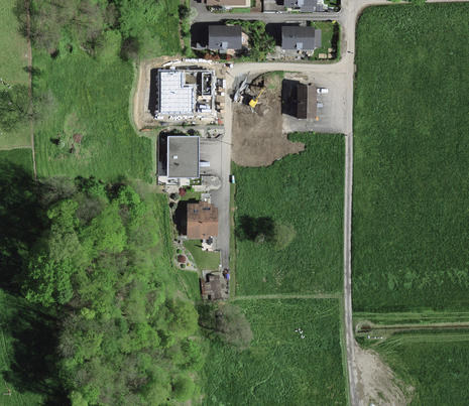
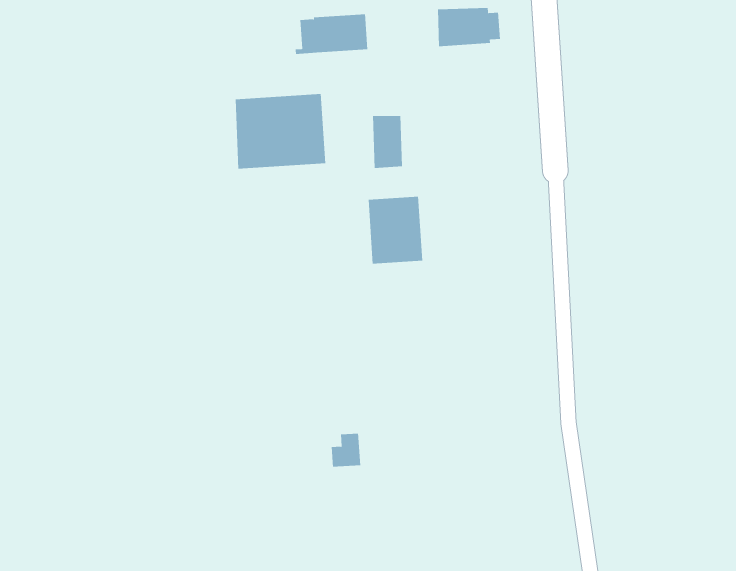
building: [297,86,315,117] -> [372,115,403,168]
building: [167,137,198,175] -> [368,196,423,264]
building: [188,204,216,237] -> none

